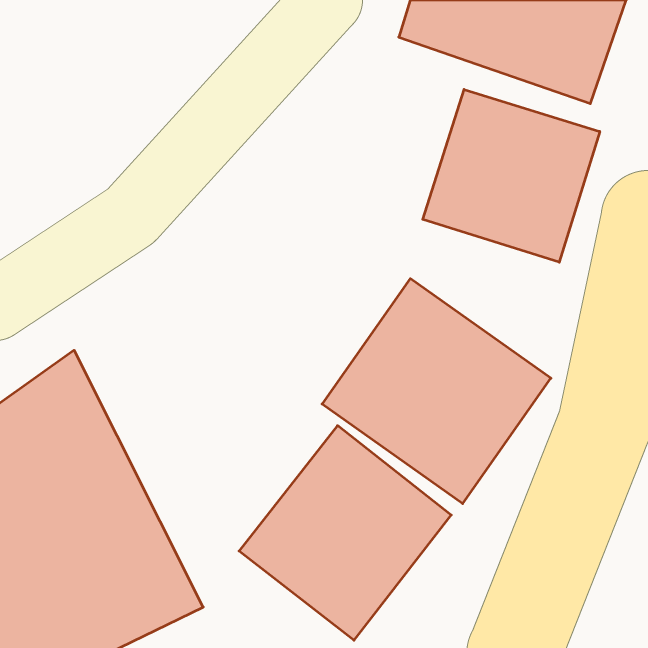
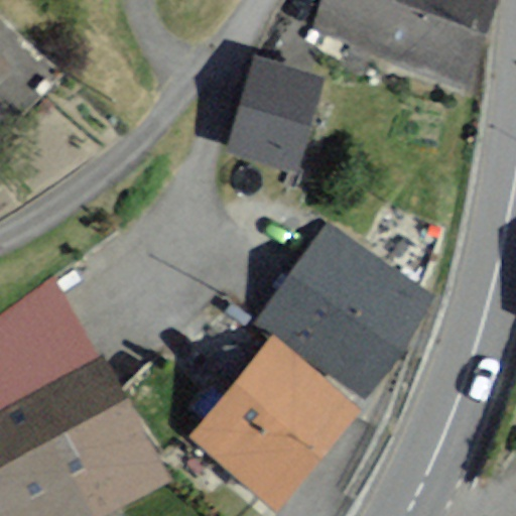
building: none -> [223,57,322,172]
building: [423,89,600,262] -> none

